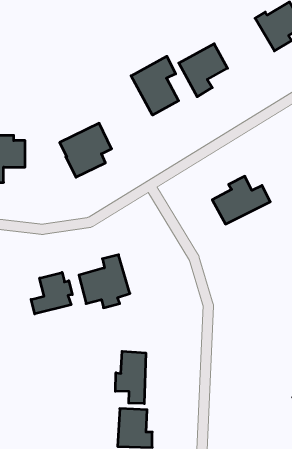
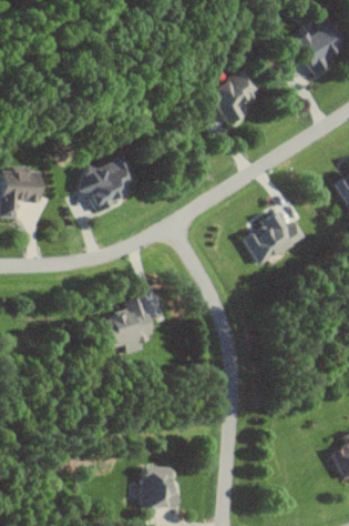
building: [131,56,179,115] -> none
building: [31,272,72,314] -> none
building: [115,351,146,404] -> none

